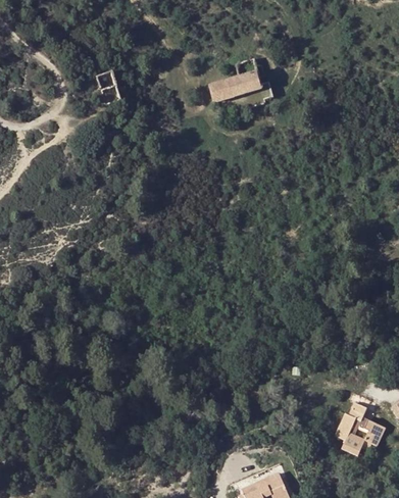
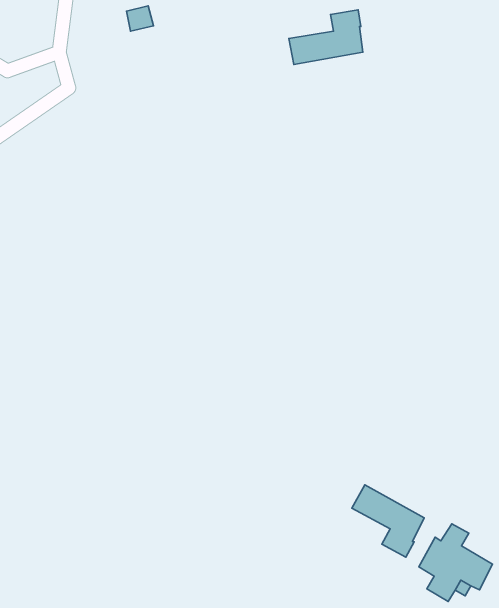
building: none -> [352,485,424,557]

